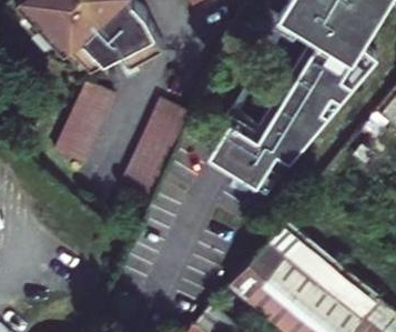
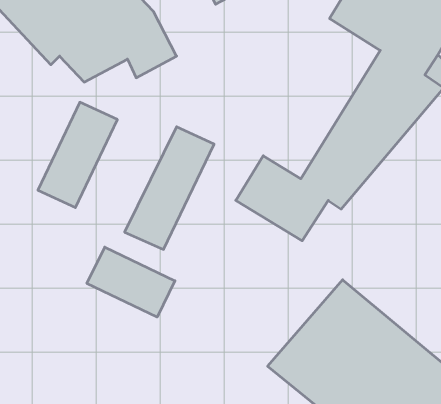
building: none -> [87,247,175,317]

